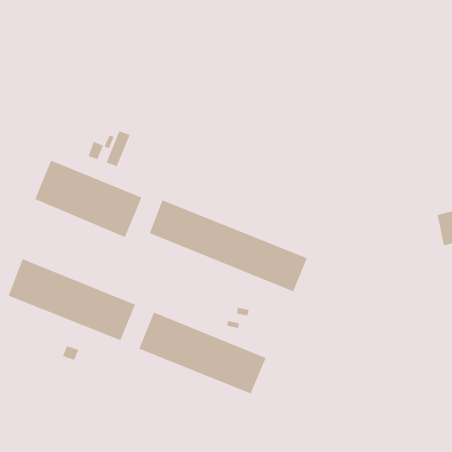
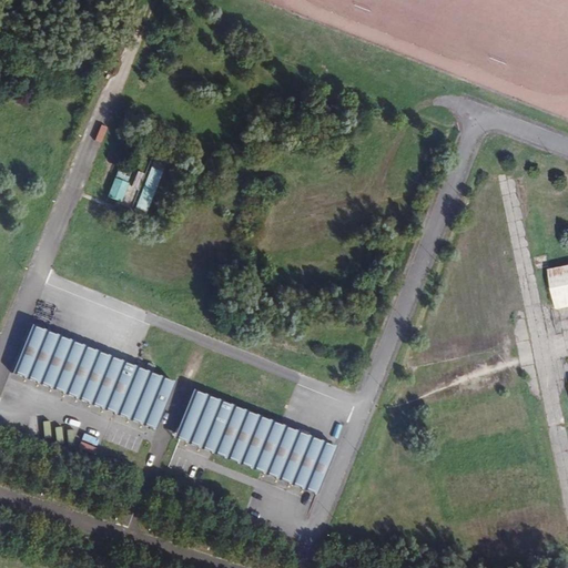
building: [34,160,142,238] -> none
building: [149,200,307,292] -> none

